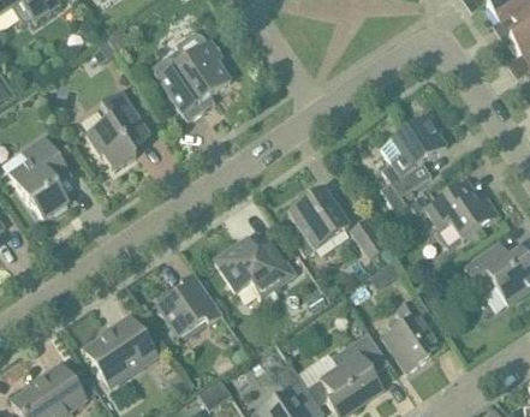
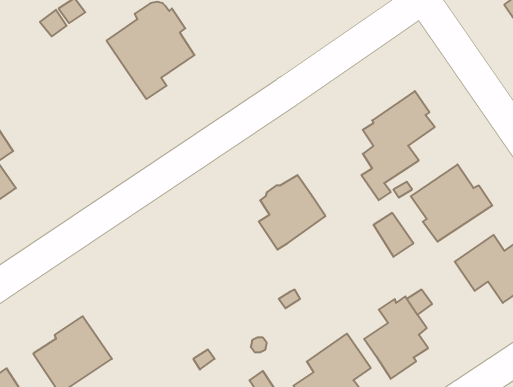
building: [87,91,150,169] -> none
building: [351,220,387,260] -> [373,213,413,257]
building: [214,236,294,298] -> none
building: [156,273,222,338] -> none

